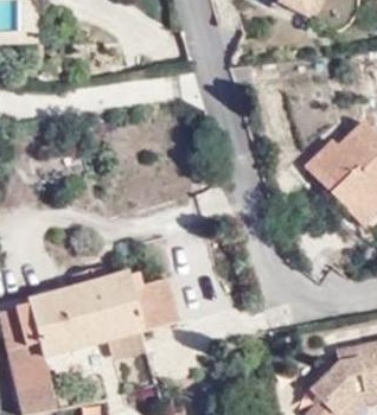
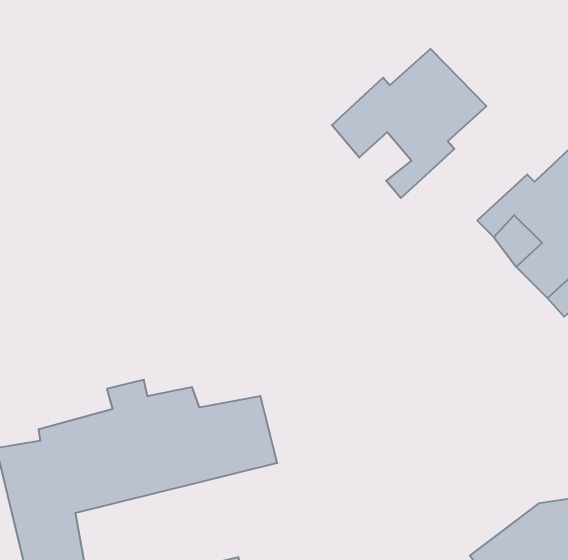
building: none -> [332,49,486,198]

